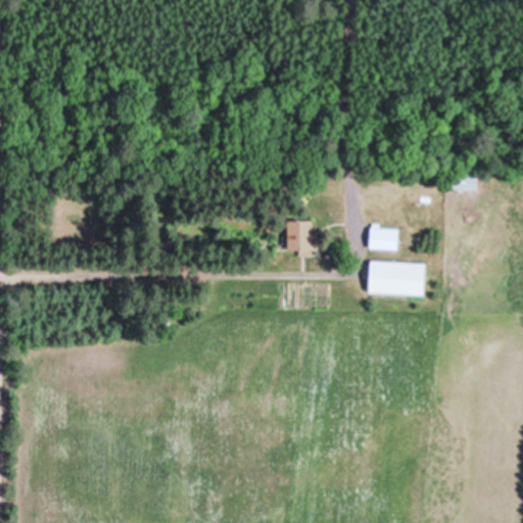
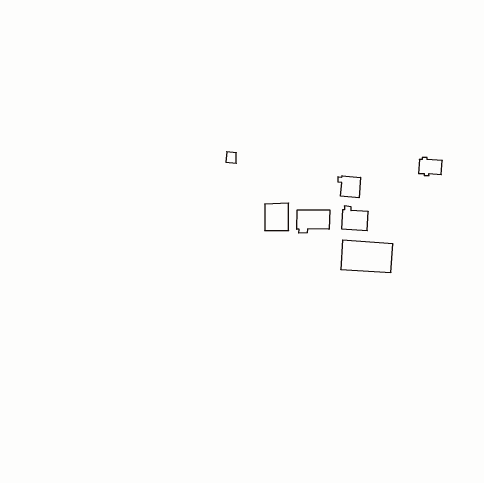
building: none -> [338,176,361,198]
building: none -> [297,210,330,233]

